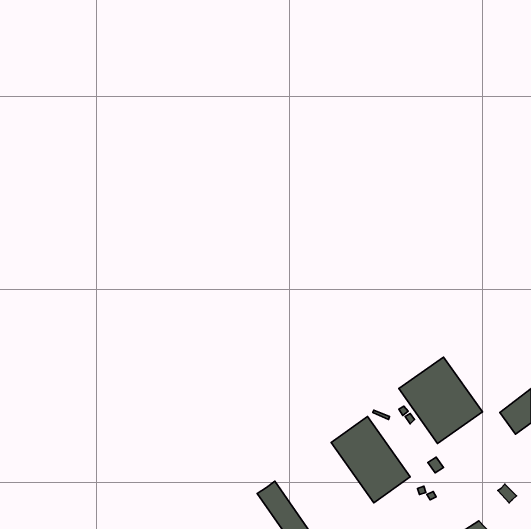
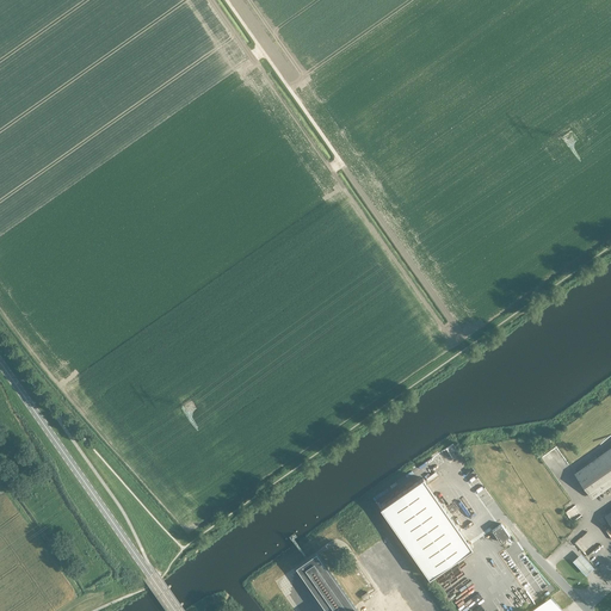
building: [399,357,482,444] -> none

